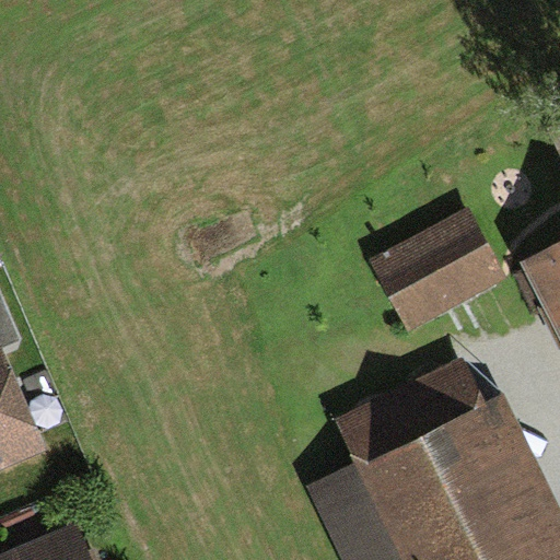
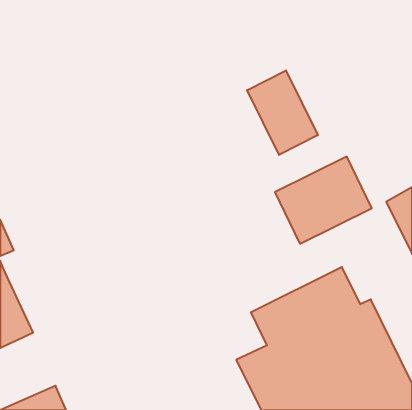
building: none -> [247,70,318,155]

